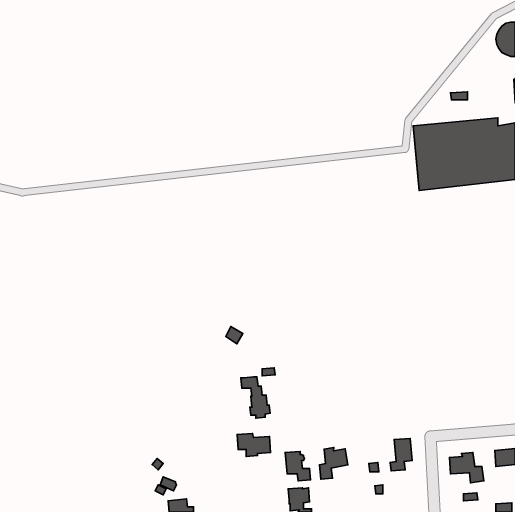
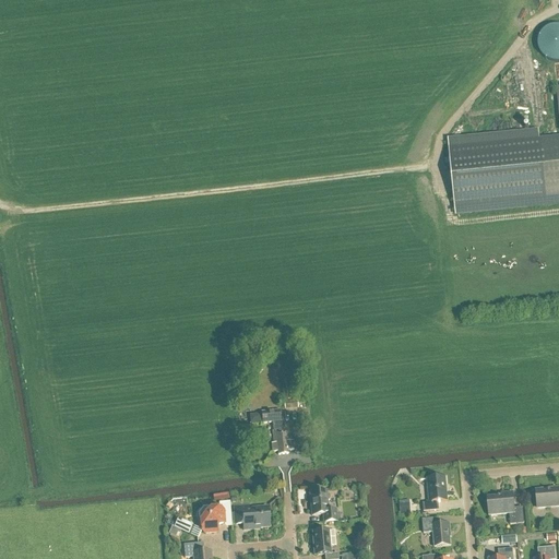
building: [237,433,270,457] -> [233,503,269,528]
building: [319,448,348,479] -> none
building: none -> [199,501,228,532]
building: none -> [421,515,450,545]

